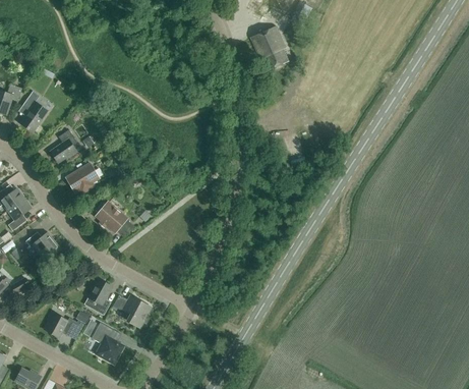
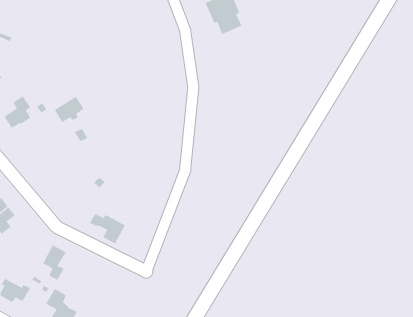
building: [67,164,98,191] -> [54,96,84,123]
building: [97,203,126,231] -> none
building: [114,295,151,327] -> [89,213,126,245]

